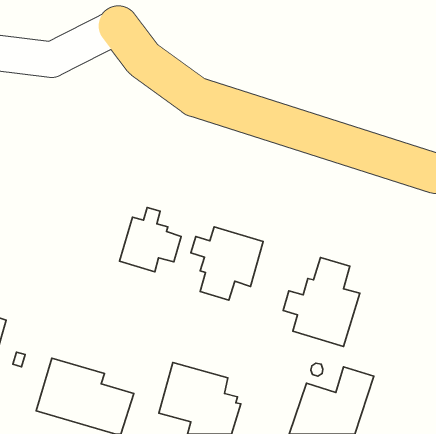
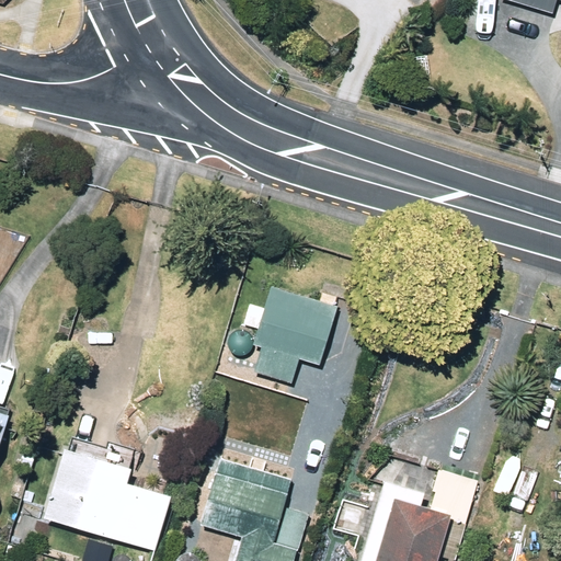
building: [119,208,181,272] -> none
building: [283,257,360,346] -> none

